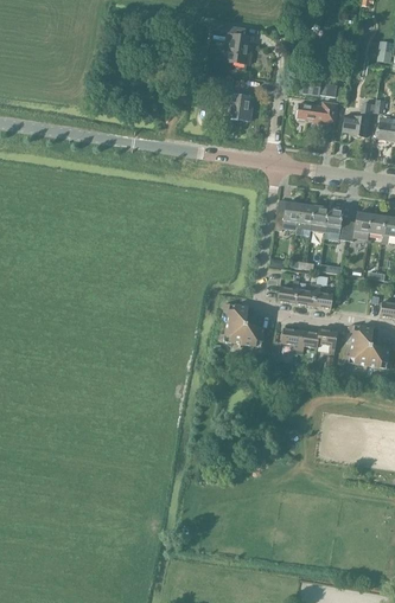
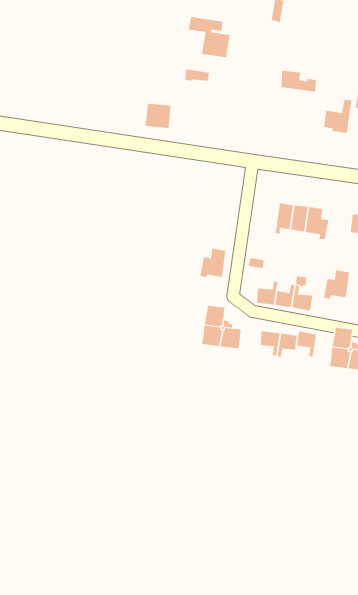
building: [225,94,251,118] -> [145,103,172,129]
building: [297,100,336,122] -> none
building: [273,201,299,230] -> [199,248,226,277]
building: [344,212,370,240] -> [323,270,350,299]

